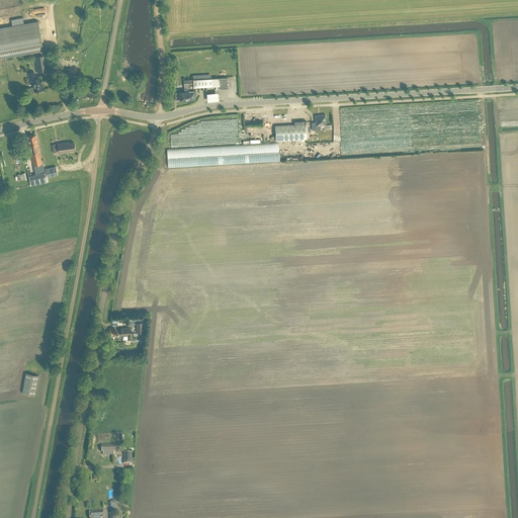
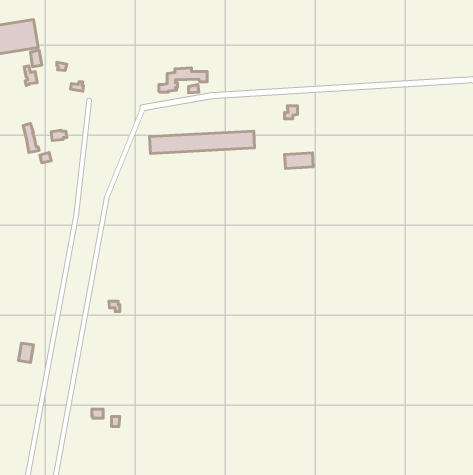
building: [273,123,305,141] -> [284,153,313,169]

